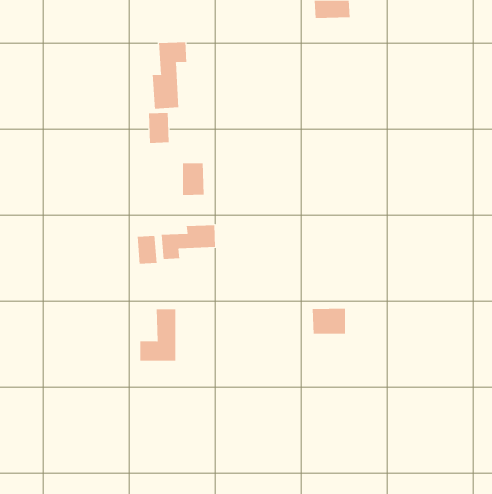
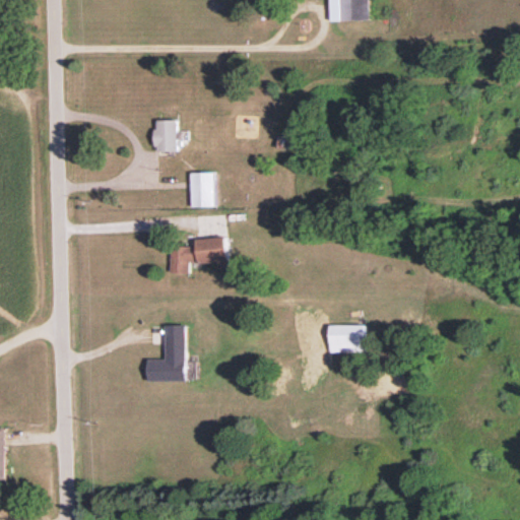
building: [152,41,187,110] -> none
building: [137,235,157,264] -> none

